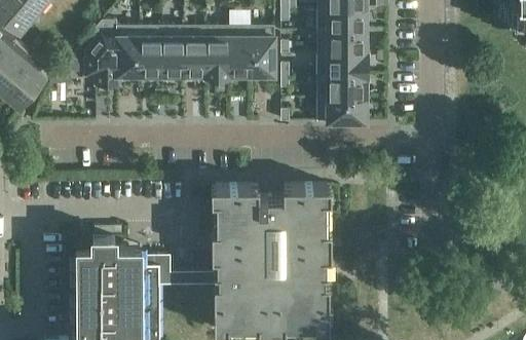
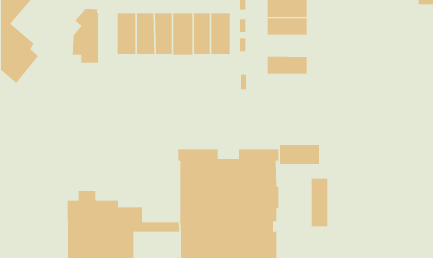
building: [117,27,139,86] -> none
building: [316,53,367,79] -> none
building: [316,100,365,123] -> [279,145,320,164]
building: none -> [311,178,328,227]

